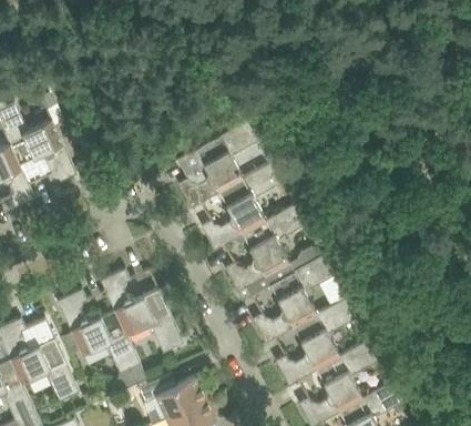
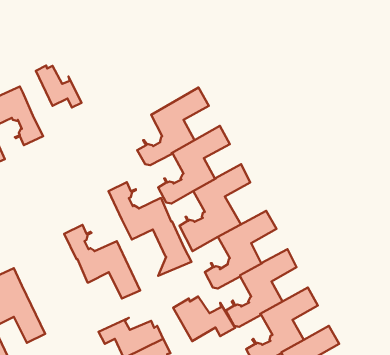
building: none -> [36,66,82,107]
building: [58,293,149,396] -> [109,182,191,276]
building: none -> [173,296,235,341]

